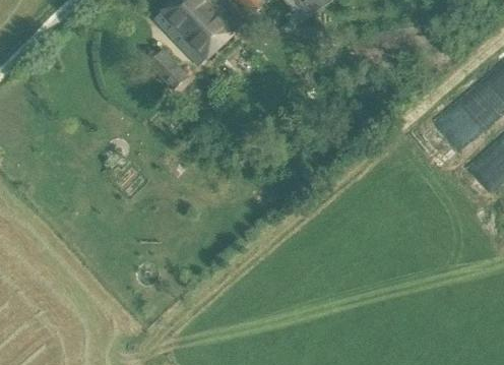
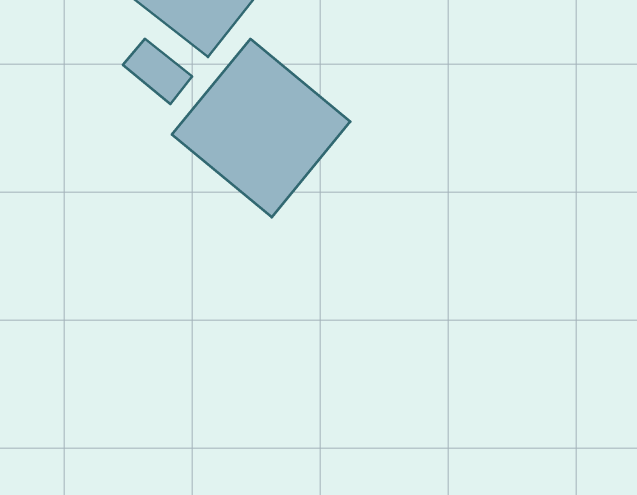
building: none -> [172,39,350,217]

